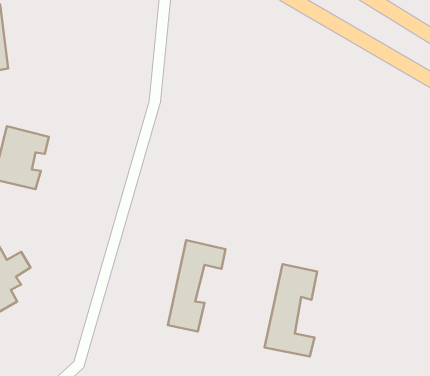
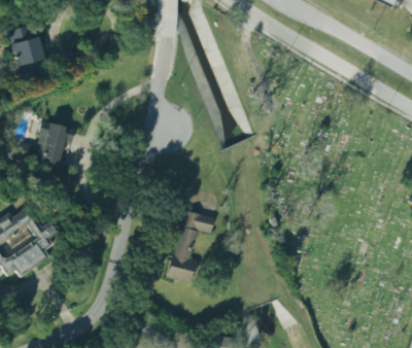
building: [265,264,317,356] -> none

